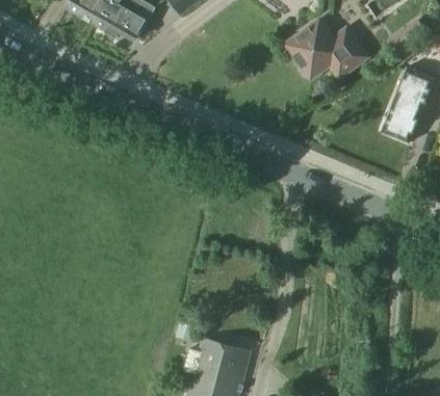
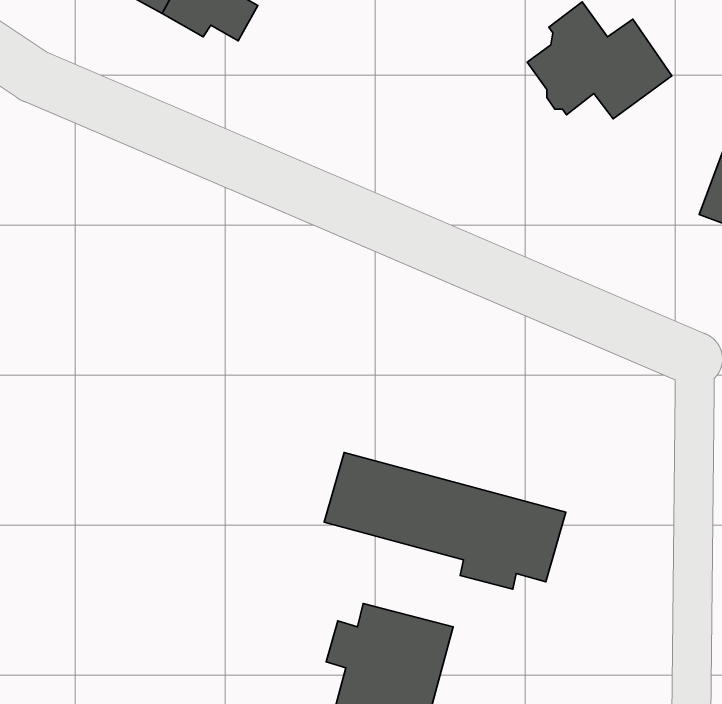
building: none -> [324,452,566,589]

